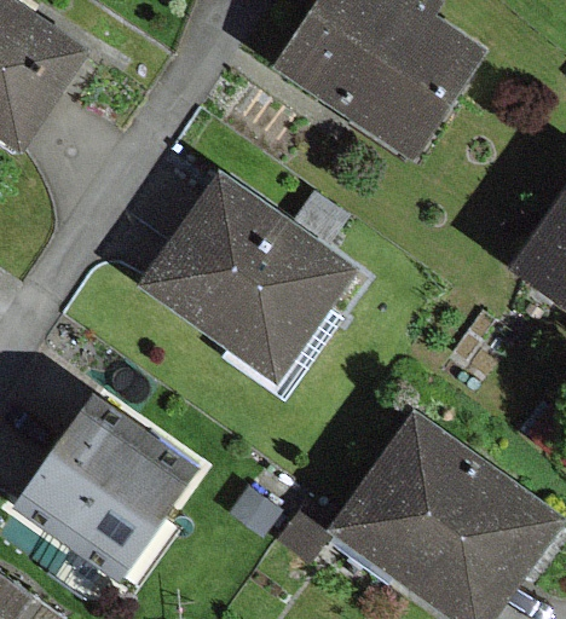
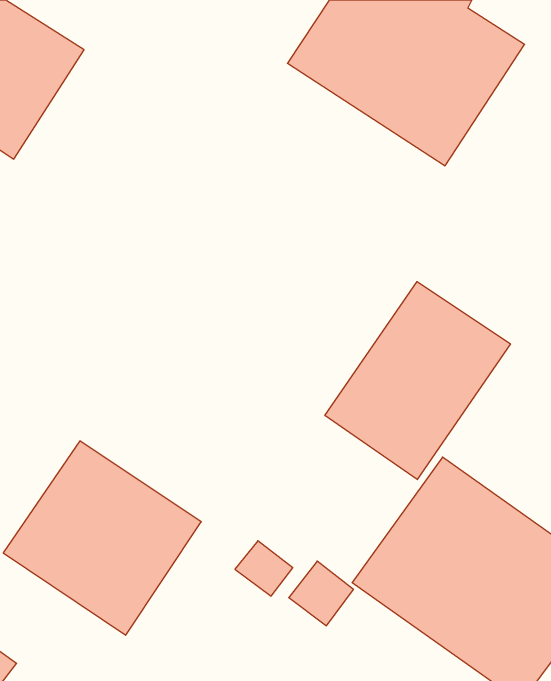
building: [139,170,357,378] -> none
building: none -> [325,282,510,480]

